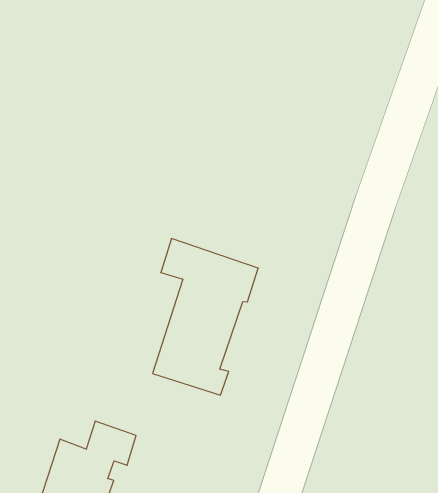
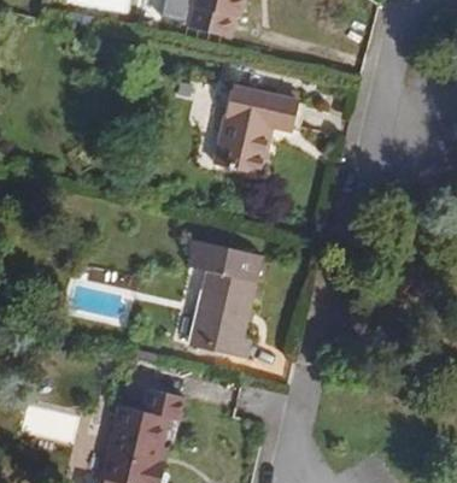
building: none -> [217,92,299,179]

